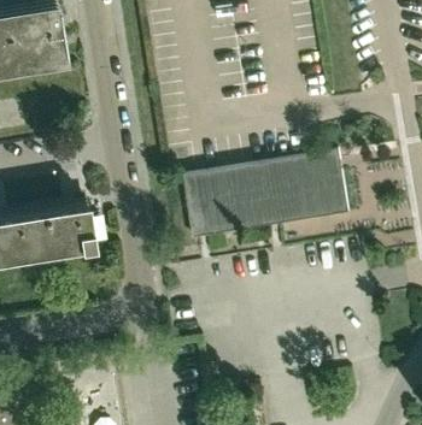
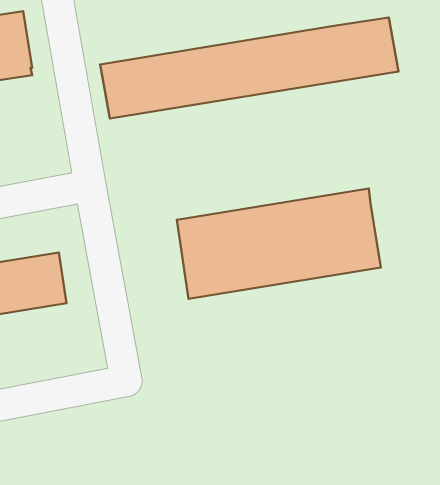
building: none -> [100,17,398,118]

